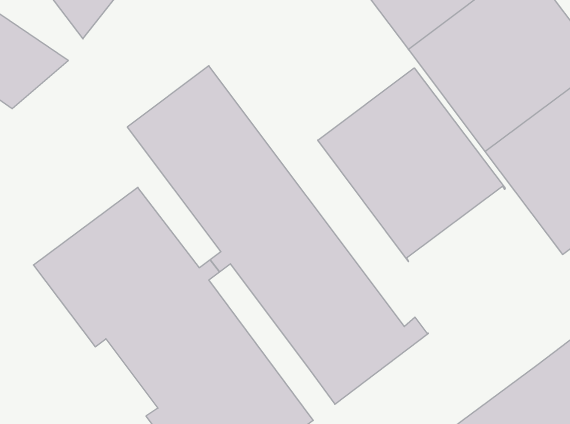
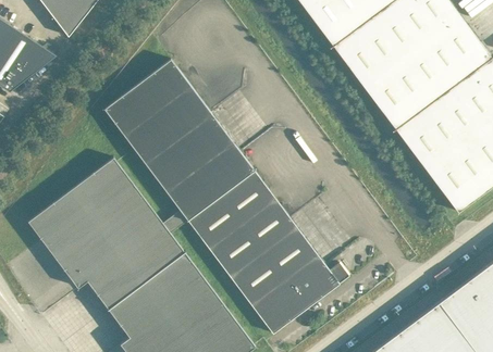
building: [318,68,505,262] -> none

